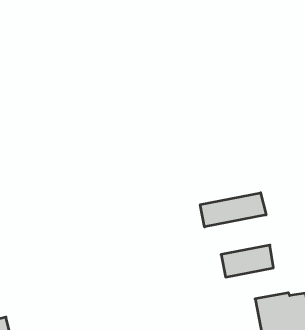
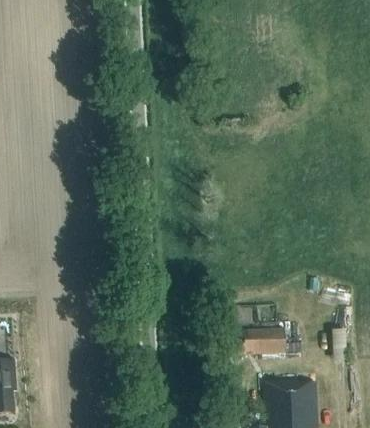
building: [200,193,266,227] -> none

